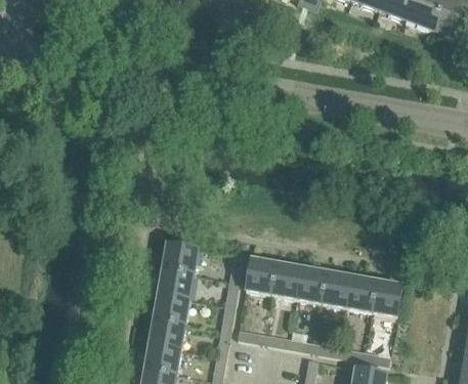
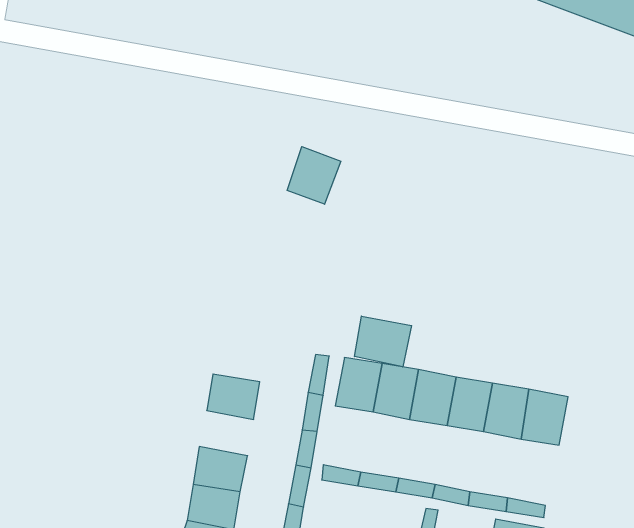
building: none -> [287,147,341,204]
building: none -> [355,316,412,367]
building: [165,240,202,271] -> none
building: [156,291,193,322] -> none

